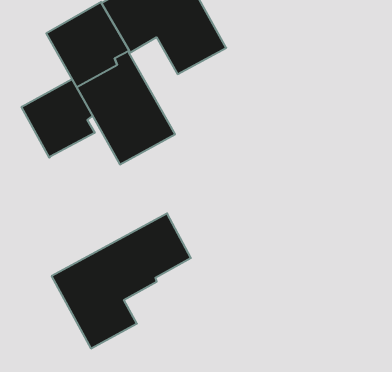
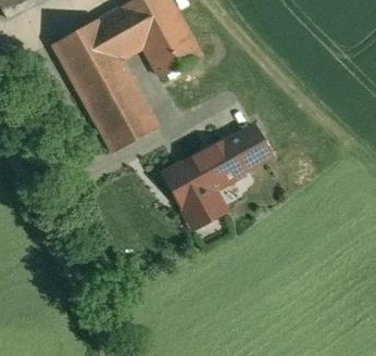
building: [22,79,95,158] -> none
building: [52,213,191,348] -> [160,119,275,231]

